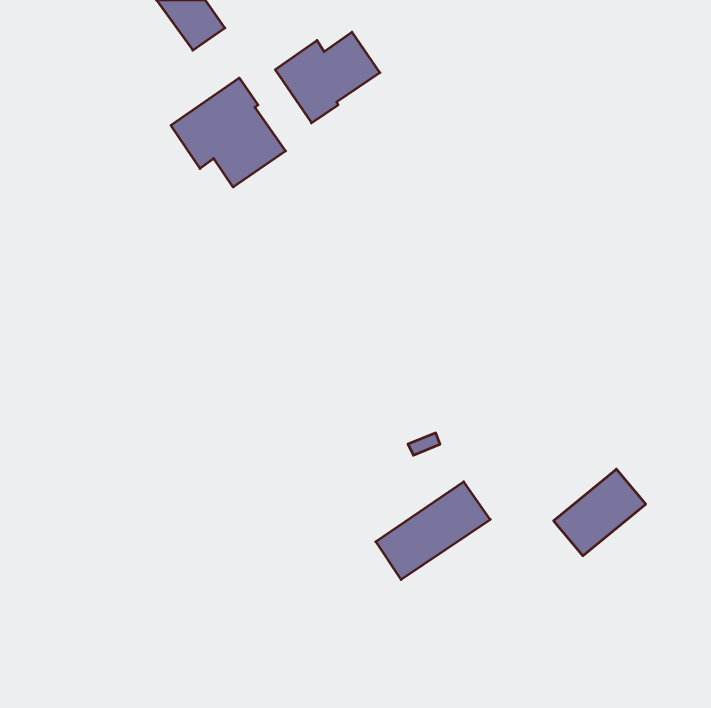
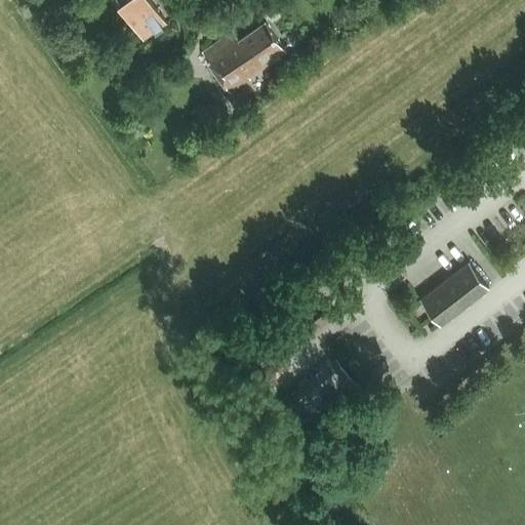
building: [171,78,286,187] -> none
building: [554,469,646,556] -> [420,265,488,328]

